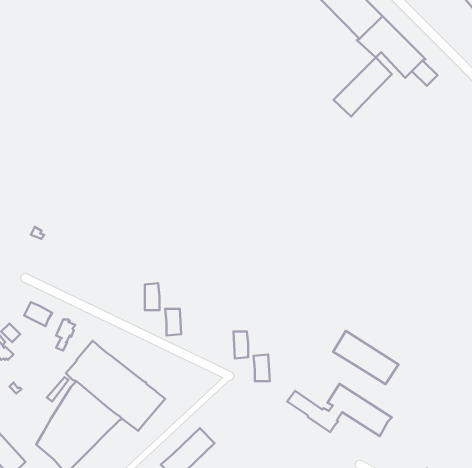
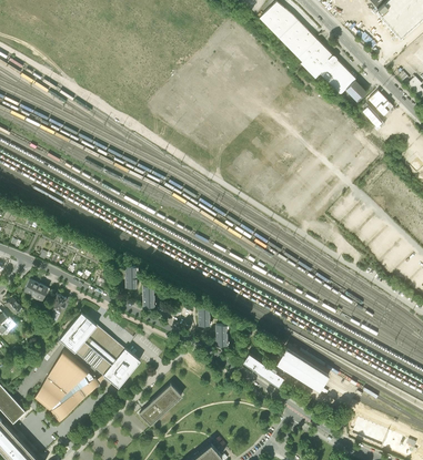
building: [334,58,392,116] -> none
building: [333,331,399,384] -> none

